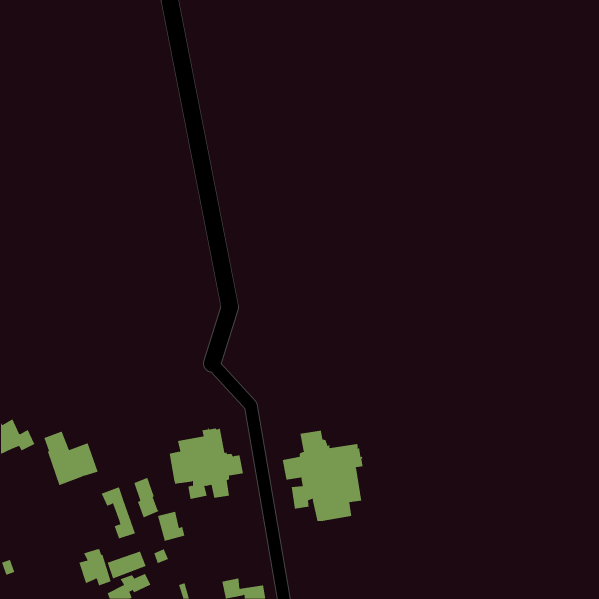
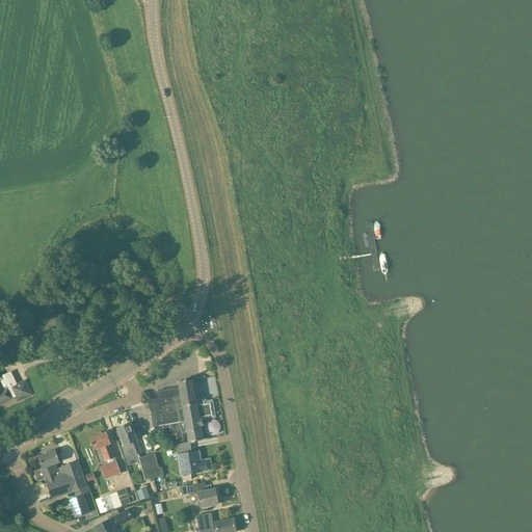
building: [282,430,363,522] -> none
building: [44,431,99,486] -> [38,450,87,499]
building: none -> [177,442,212,475]
building: none -> [181,482,218,507]

